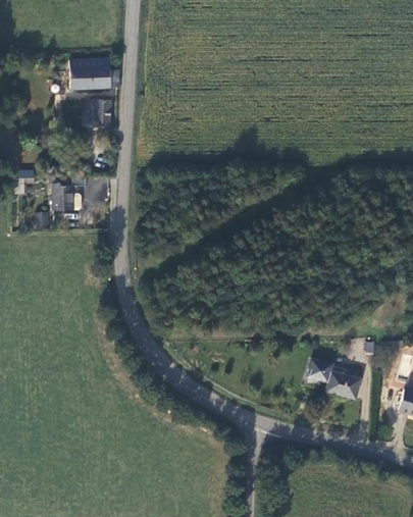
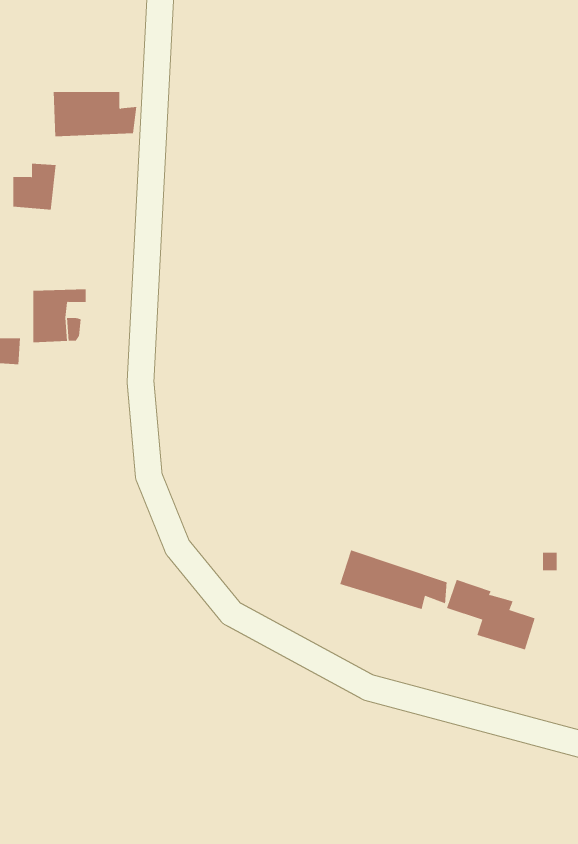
building: [84,100,110,128] -> [13,163,57,210]
building: none -> [339,550,447,610]

